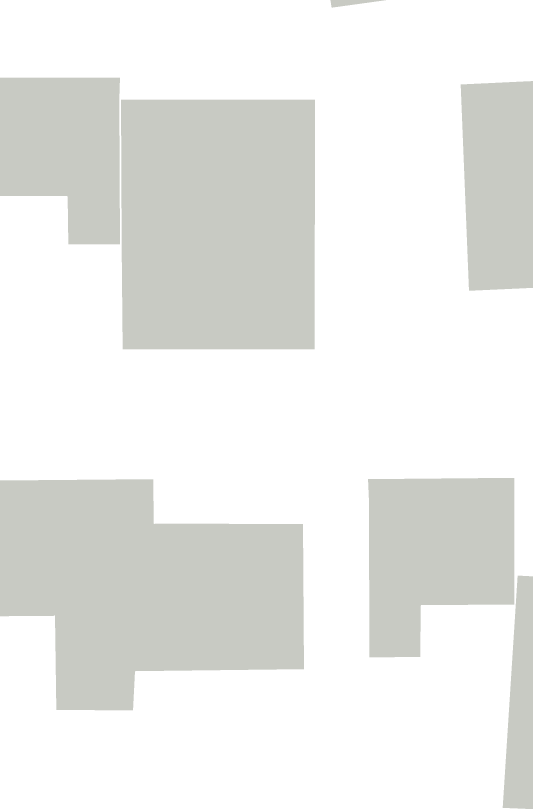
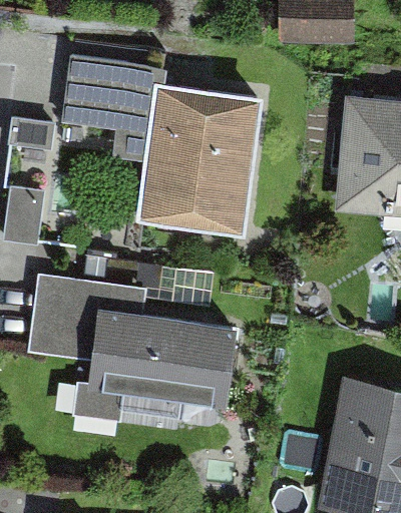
building: [368,477,515,658] -> none

